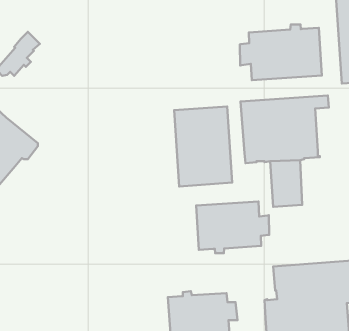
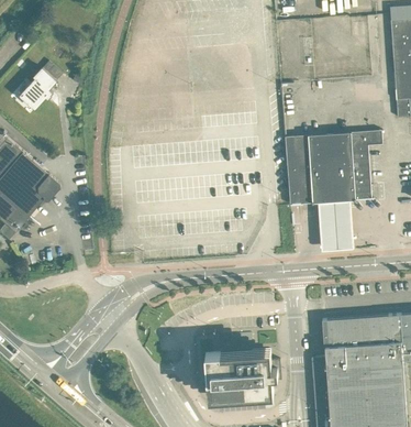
building: [240,24,322,80] -> none
building: [174,106,232,186] -> none
building: [196,201,269,253] -> none

